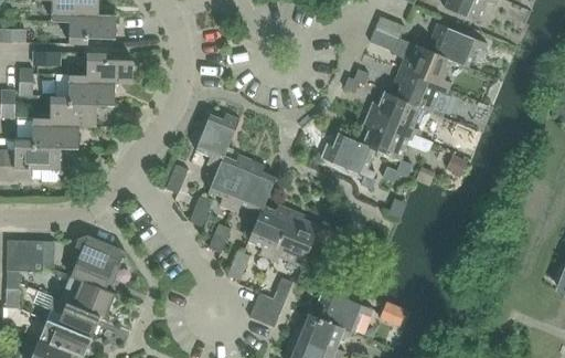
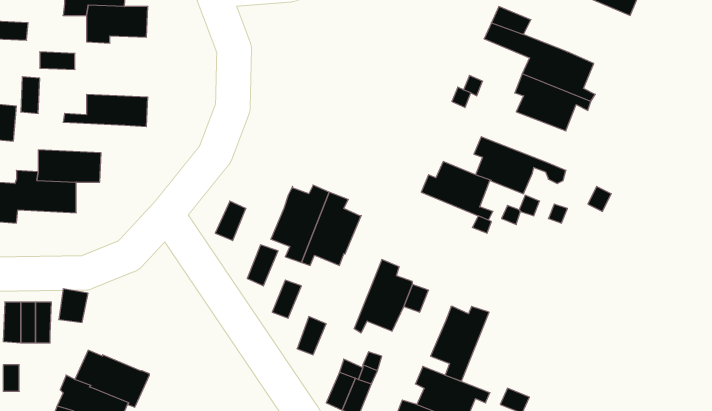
building: [431,23,487,67] -> none
building: [85,53,132,86] -> none
building: [366,93,430,135] -> none
building: [32,104,97,127] -> none
building: [195,112,238,169] -> none
building: [247,203,291,260] -> [431,306,489,381]
building: [70,234,120,292] -> none

